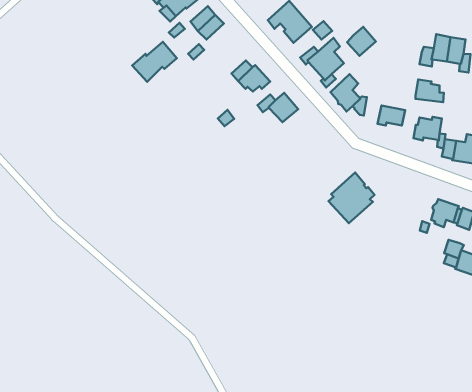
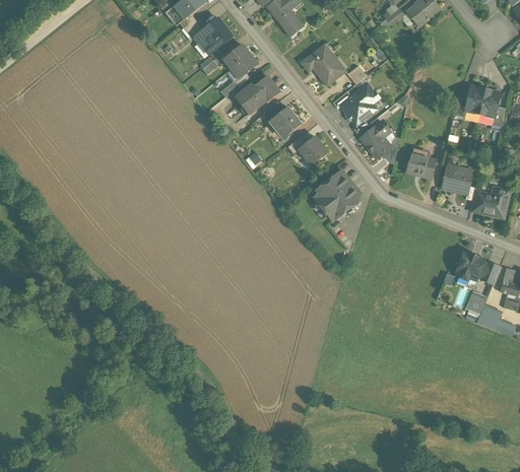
building: [347,27,376,56] -> none
building: [132,42,177,82] -> [234,74,279,114]
building: [415,79,444,102] -> none
building: [329,173,375,223] -> [313,170,360,220]

